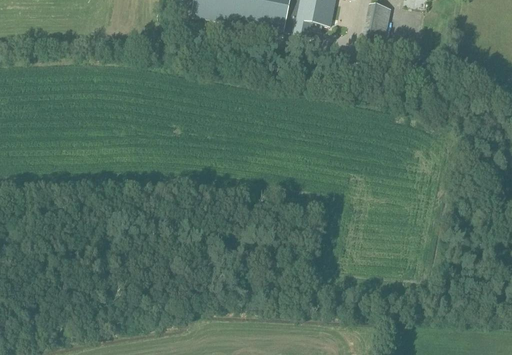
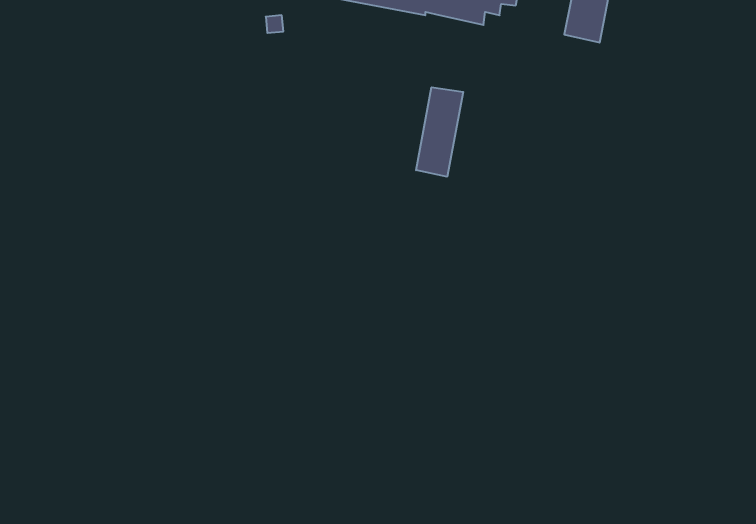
building: none -> [416,87,463,177]

